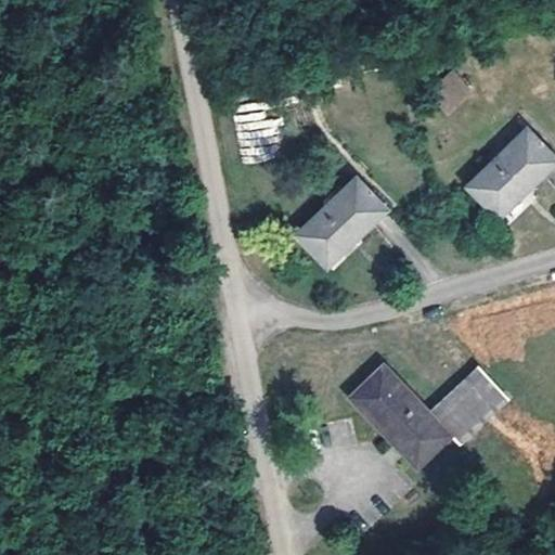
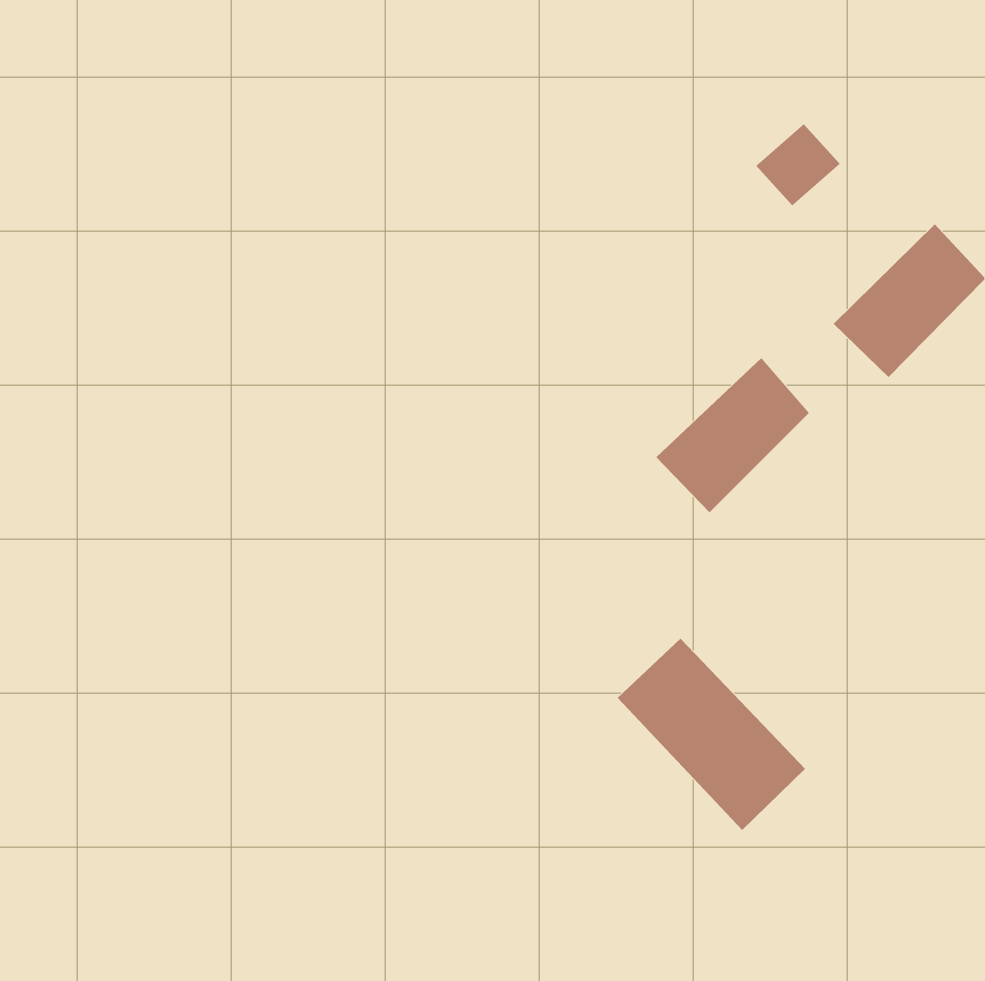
building: [296,176,383,263] -> [656,357,810,513]
building: [434,371,509,448] -> none

